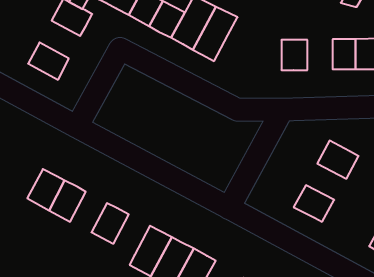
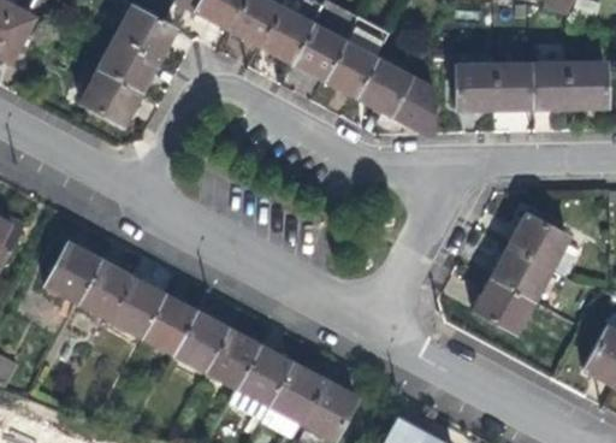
building: none -> [95,37,155,94]
building: none -> [354,59,431,134]
building: none -> [492,65,529,111]
building: none -> [43,241,100,301]
building: none -> [490,249,550,303]
building: none -> [141,291,195,352]
building: none -> [205,325,259,385]

